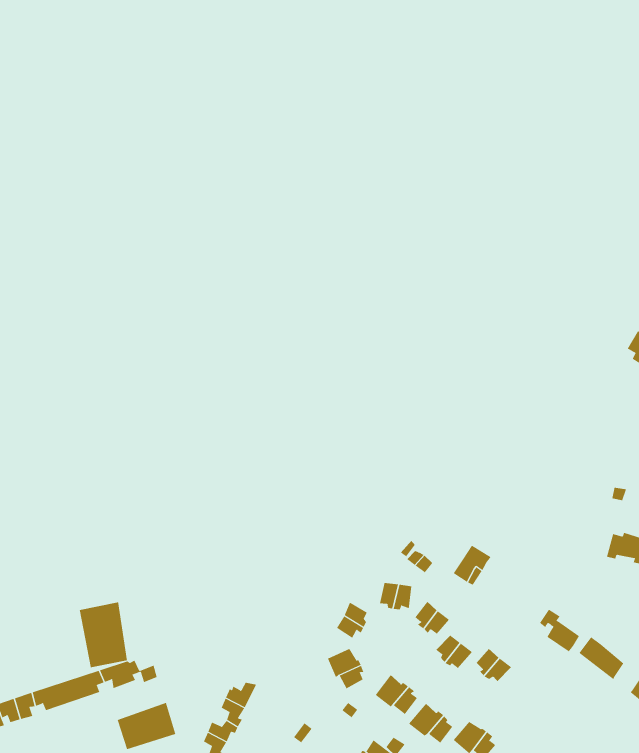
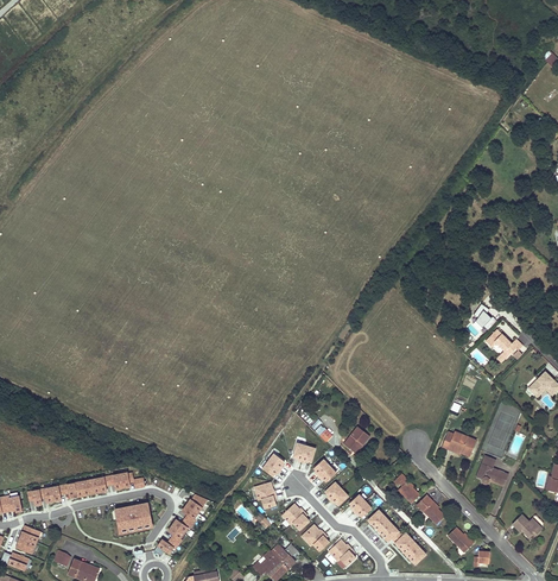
building: [79,602,128,668] -> none
building: none -> [368,510,426,564]

